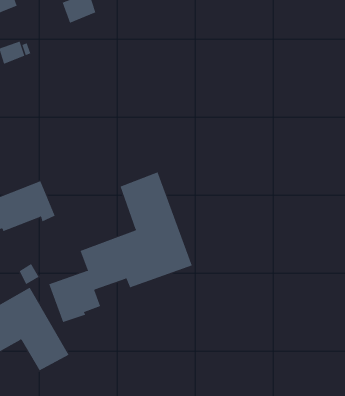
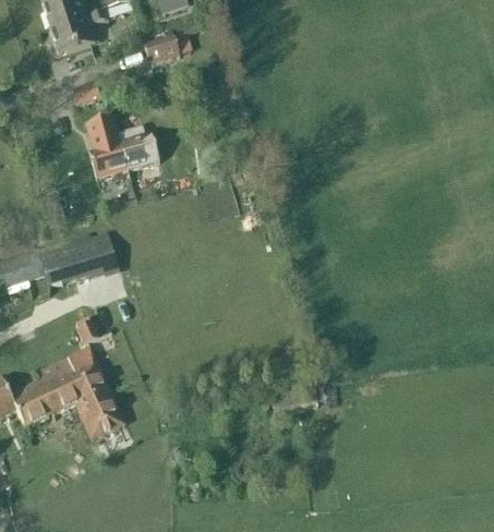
building: none -> [85,114,160,177]
building: [49,172,192,323] -> none

